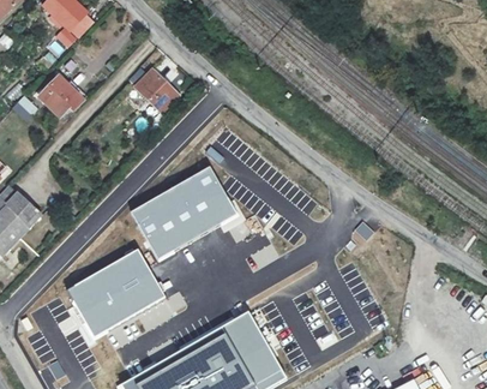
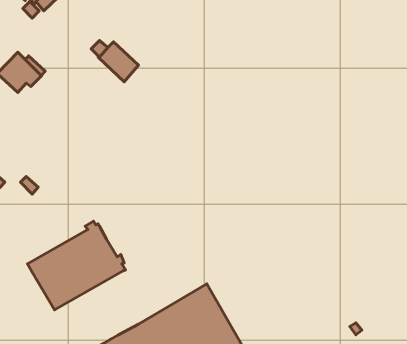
building: [130,168,235,261] -> none

